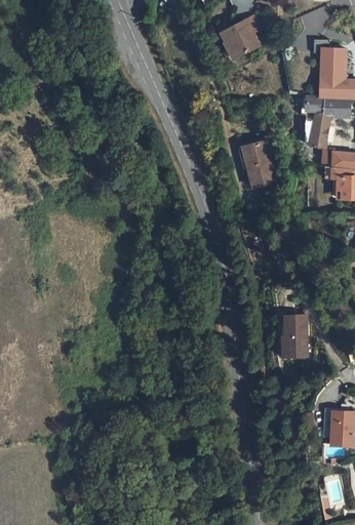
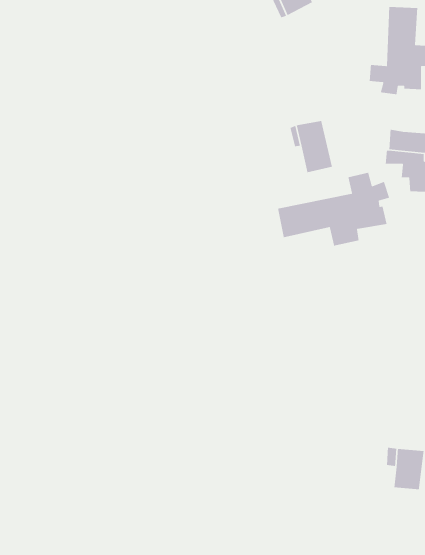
building: [309,119,329,146] -> none
building: none -> [277,172,390,247]
building: [280,318,307,358] -> none

